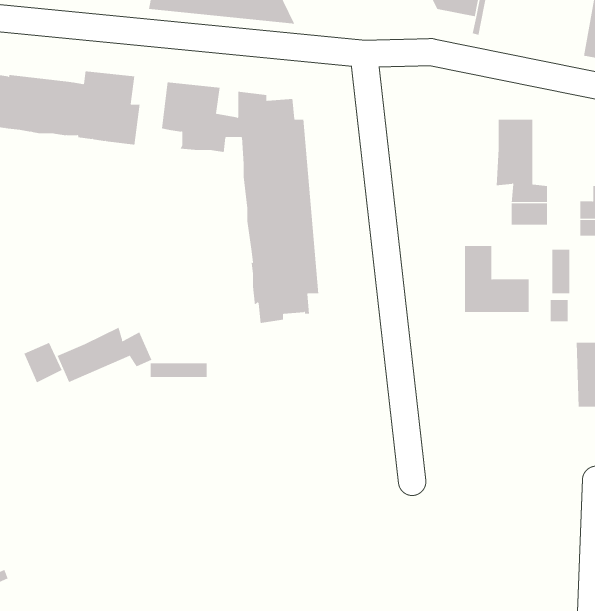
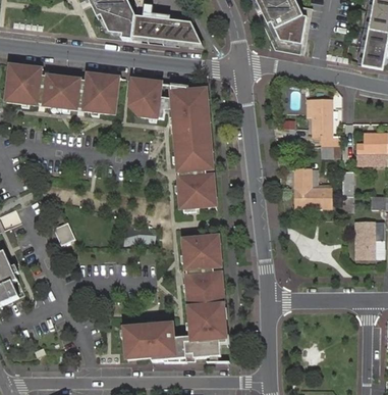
building: [57,327,152,383] -> none
building: none -> [123,233,226,361]

